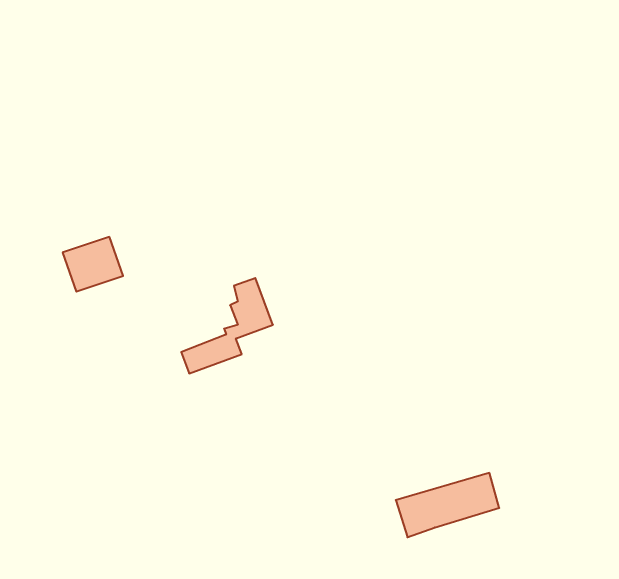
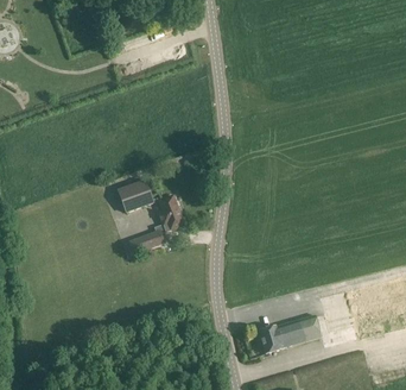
building: [63,237,123,292] -> [116,180,153,213]

